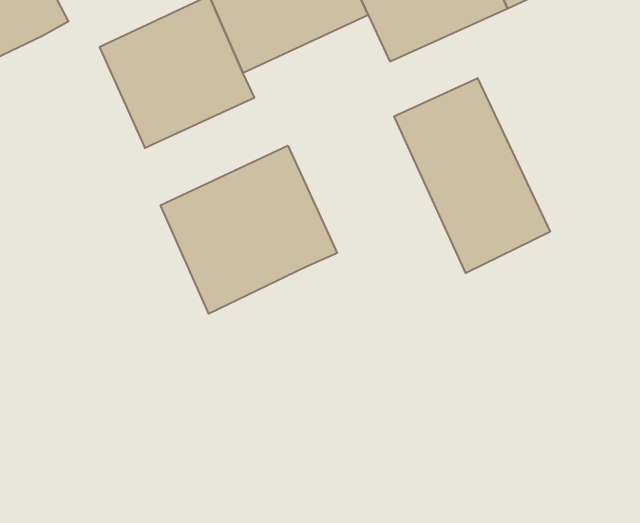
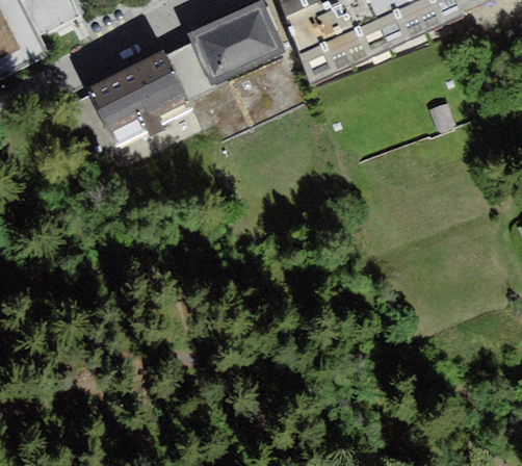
building: [394,78,550,273] -> none
building: [161,146,337,314] -> none

